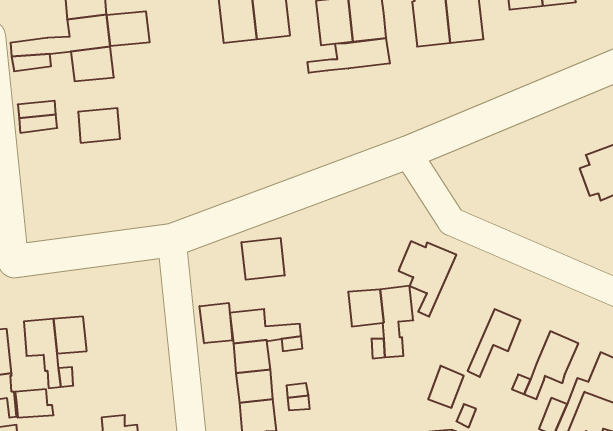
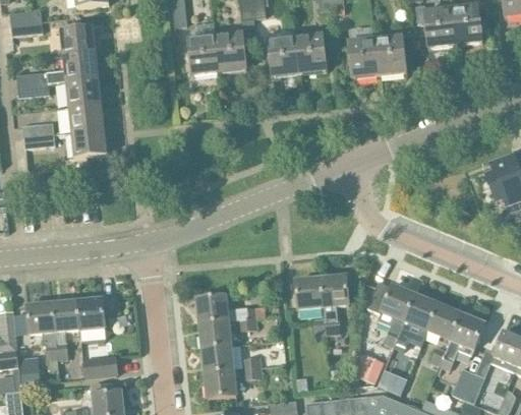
building: [107,11,150,46] -> [68,104,104,132]
building: [308,38,390,73] -> none
building: [242,238,285,280] -> none
building: [399,241,456,317] -> [367,284,415,346]
building: [200,303,232,343] -> none
building: none -> [75,299,106,342]
building: none -> [426,304,461,340]
building: none -> [81,356,117,378]

